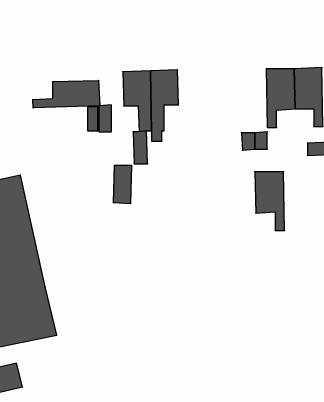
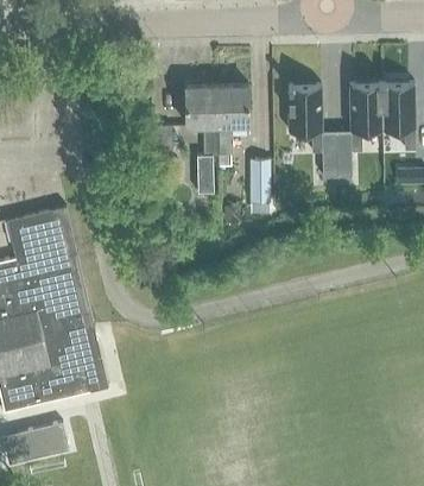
building: [33,80,100,108] -> none
building: [113,165,132,204] -> [248,159,270,203]
building: [255,172,285,231] -> [287,84,322,152]

